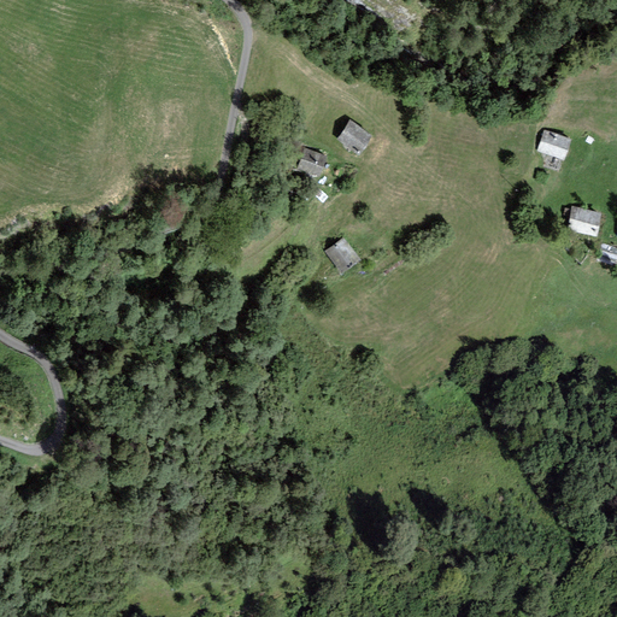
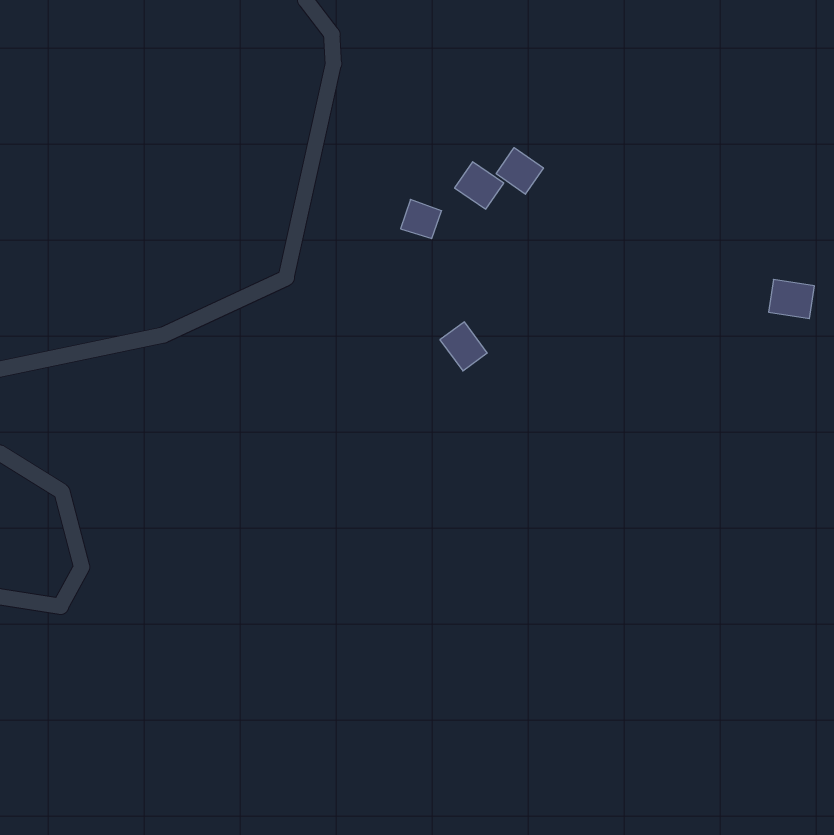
building: none -> [496,148,543,194]
building: [536,129,570,159] -> none

